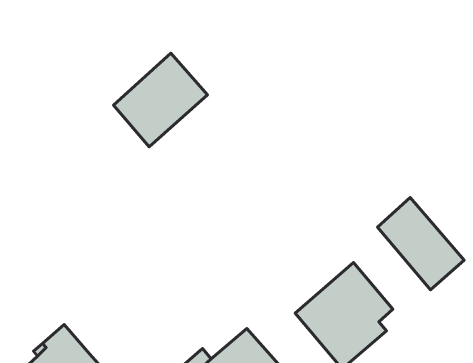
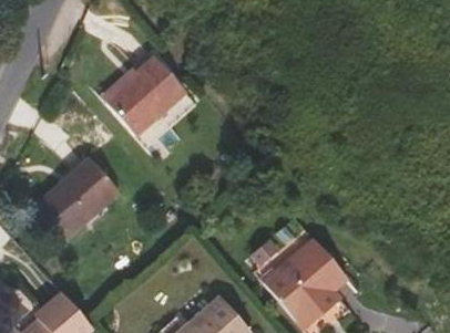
building: none -> [35,157,120,240]
building: [378,197,464,290] -> none

